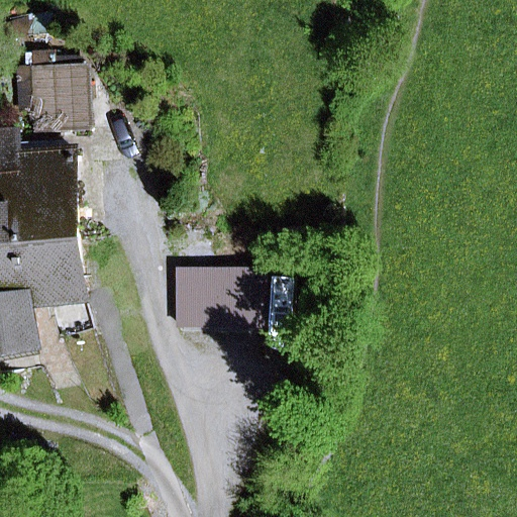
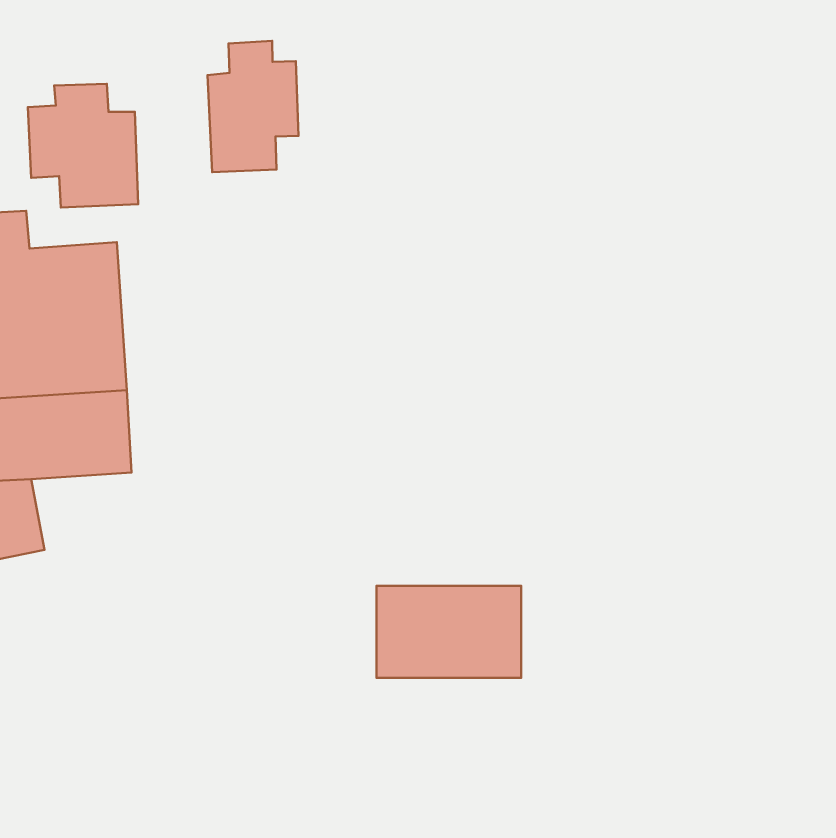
building: none -> [208,41,299,172]
building: [178,269,267,325] -> [376,586,521,678]

